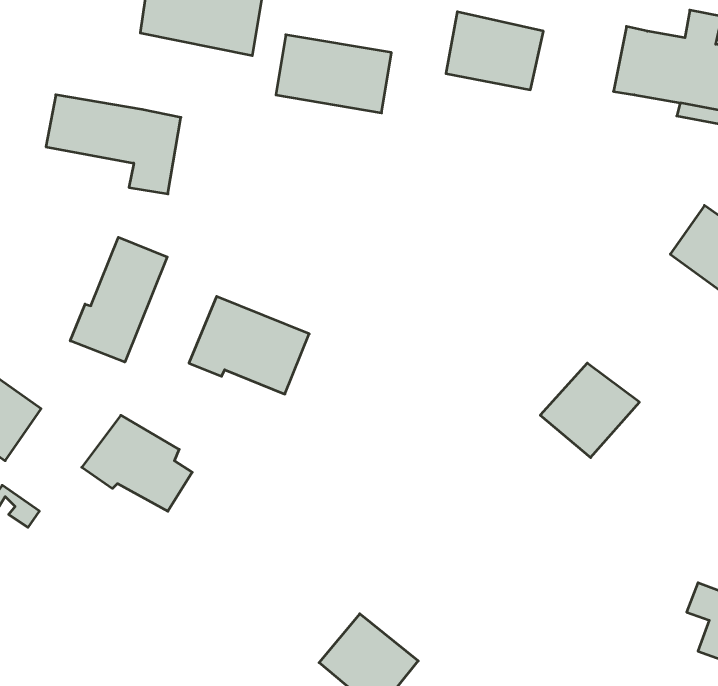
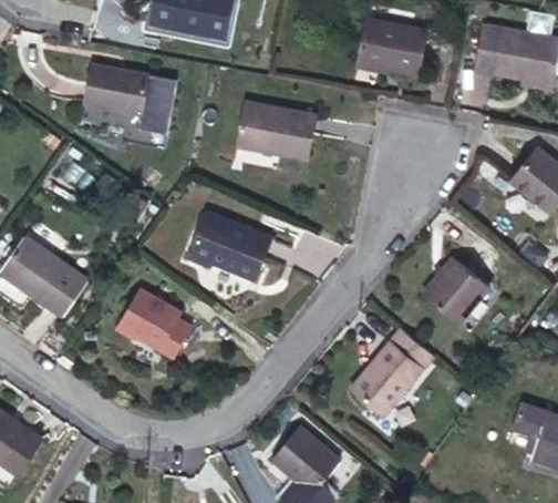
building: [276,35,391,113] -> [240,110,319,163]
building: [70,237,167,362] -> none
building: none -> [347,328,427,413]

